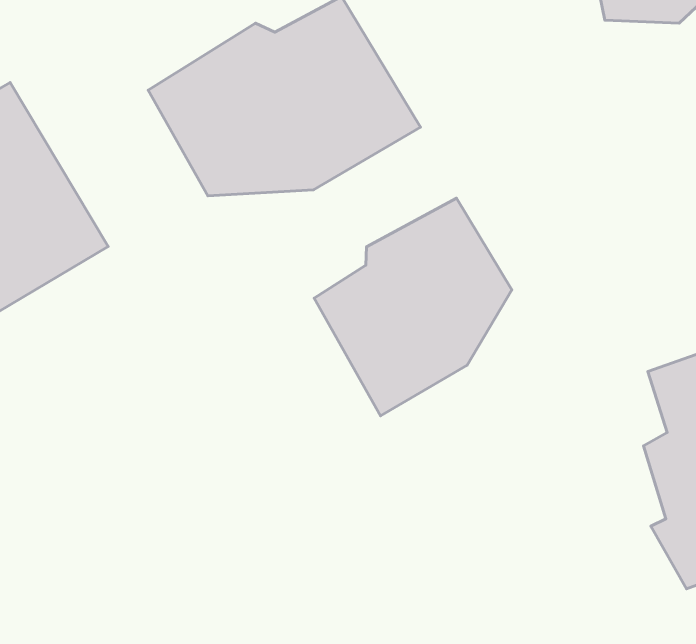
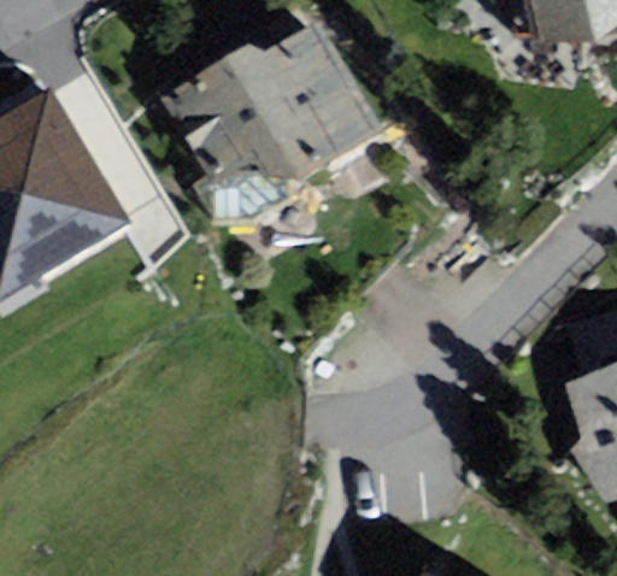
building: [314,198,512,416] -> none

